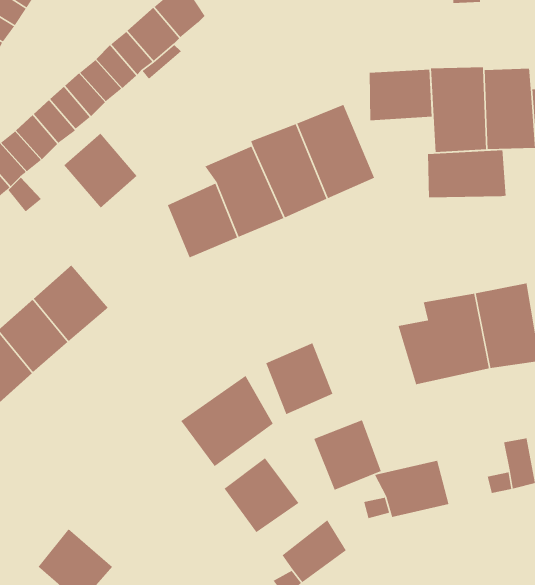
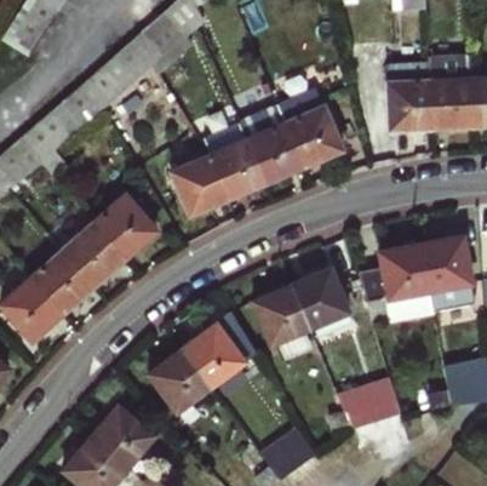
building: [369,69,433,121] -> none
building: [63,132,138,208] -> [93,196,154,258]
building: [427,149,507,198] -> none
building: [313,419,382,491] -> [290,270,345,328]
building: [224,457,299,533] -> [148,350,210,412]
building: none -> [91,406,154,469]

